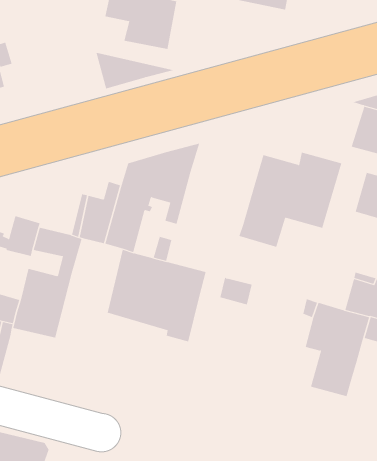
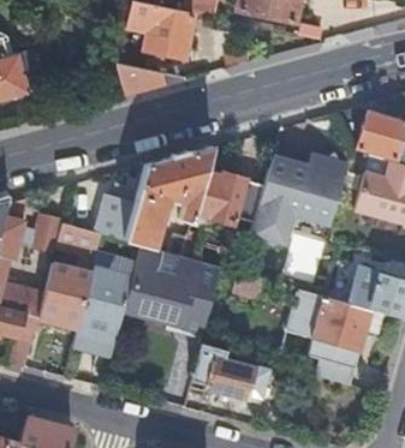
building: none -> [195,173,264,223]
building: none -> [76,268,133,350]
building: none -> [191,344,298,401]

